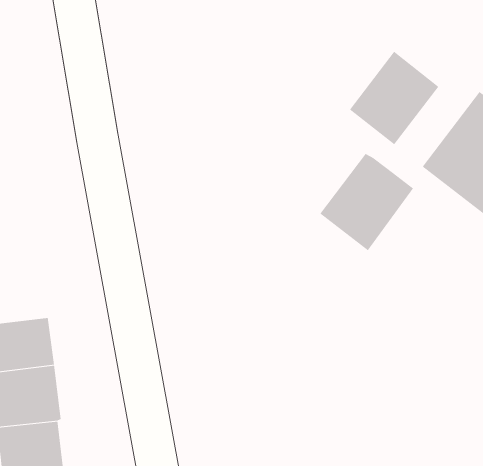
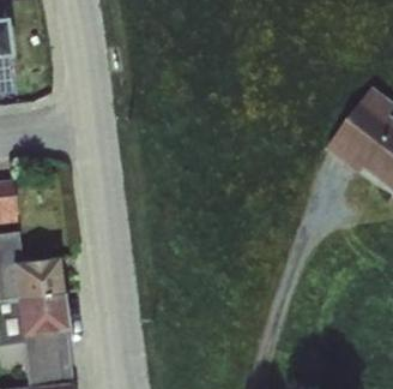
building: [349,51,439,145] -> none
building: [319,153,414,251] -> none

